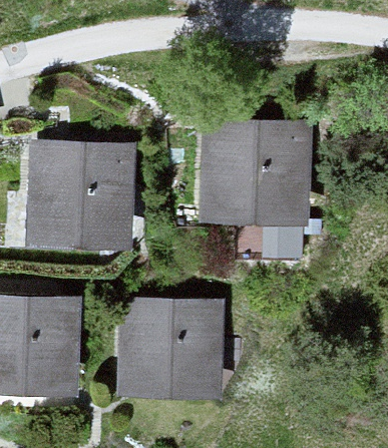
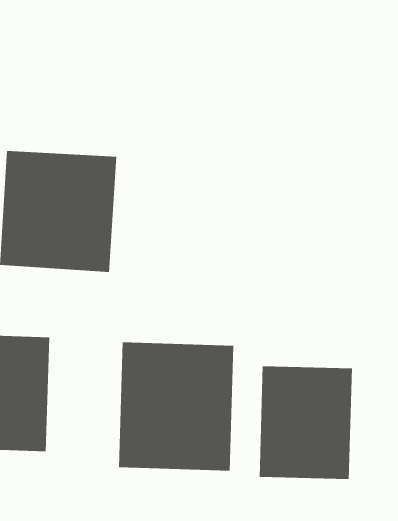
building: [208,121,307,229] -> none
building: none -> [259,365,352,480]

